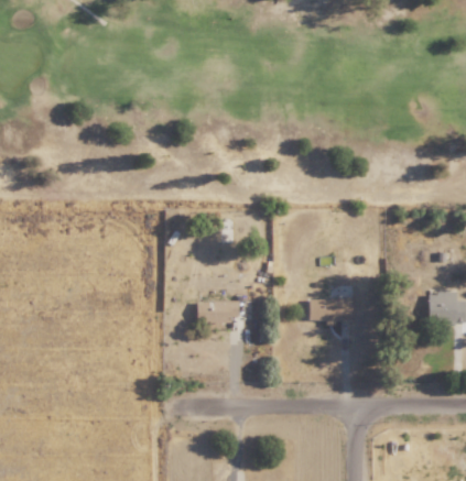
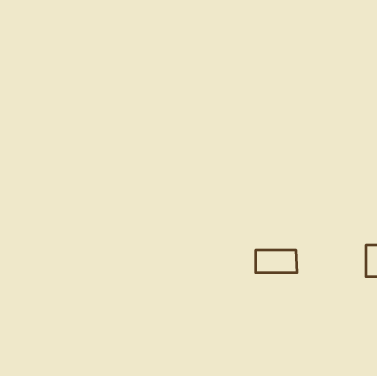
building: [196,302,241,325] -> none

